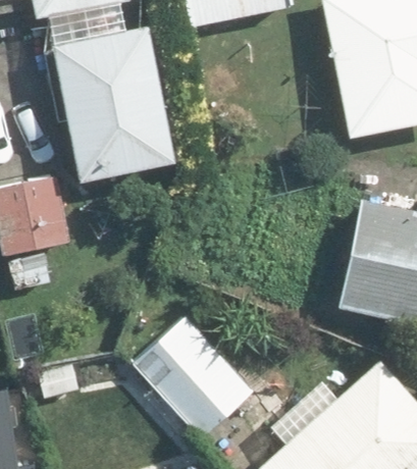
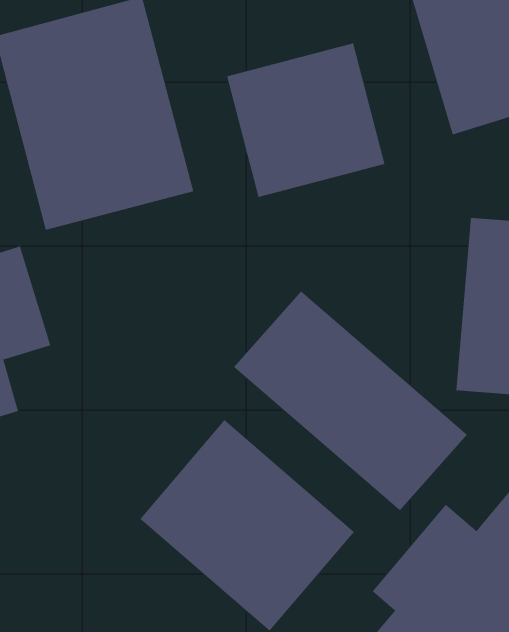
building: none -> [227,42,385,198]
building: none -> [233,291,468,511]

